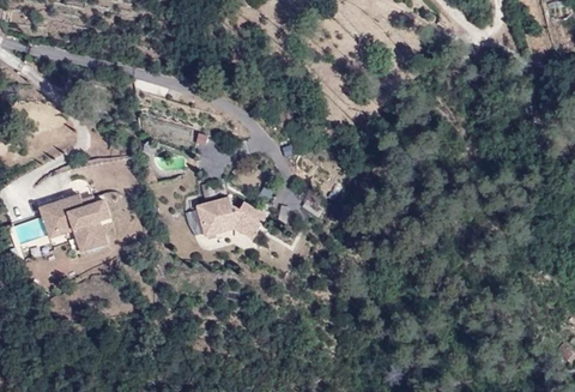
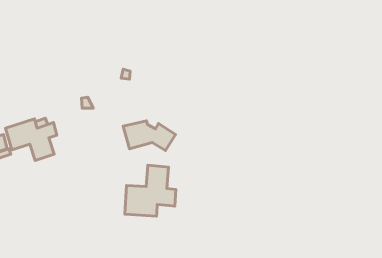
building: none -> [125,165,176,216]

